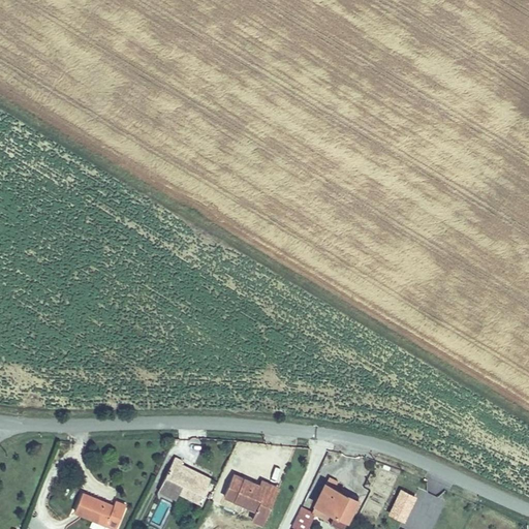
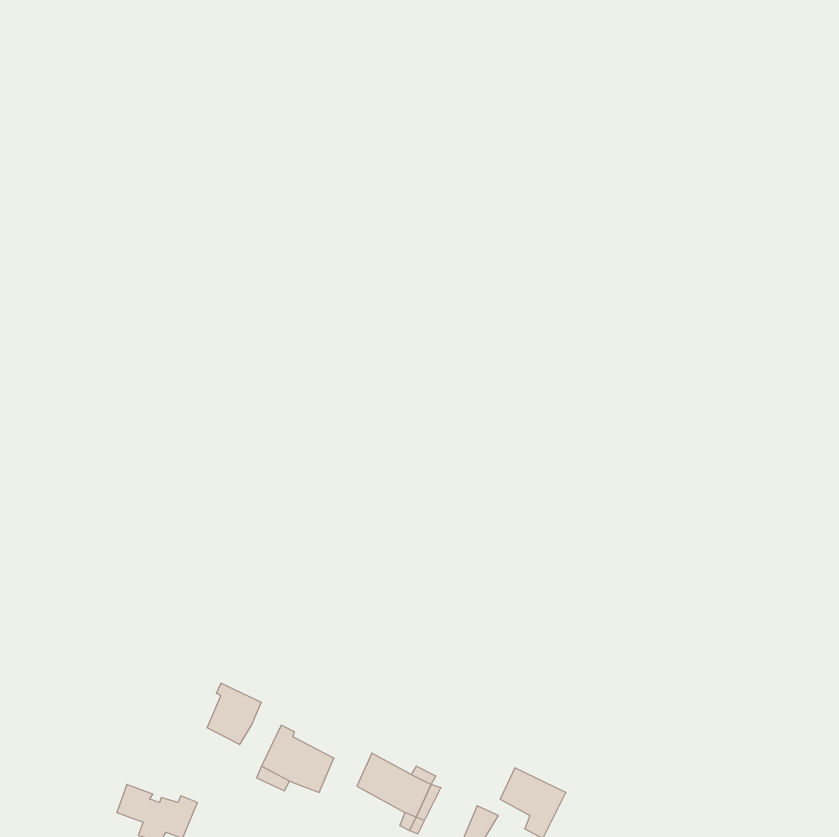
building: none -> [207,683,261,745]
building: [387,488,418,523] -> none

